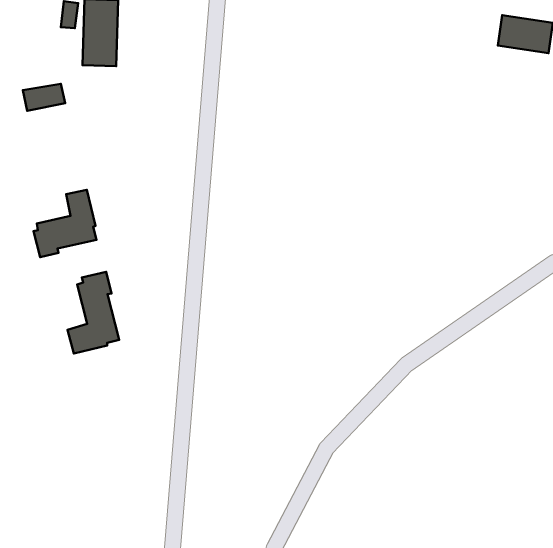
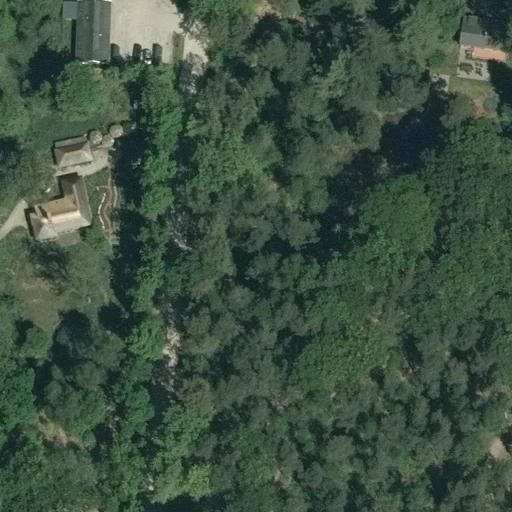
building: [23,84,65,111] -> [53,140,92,165]
building: [68,272,119,354] -> none

